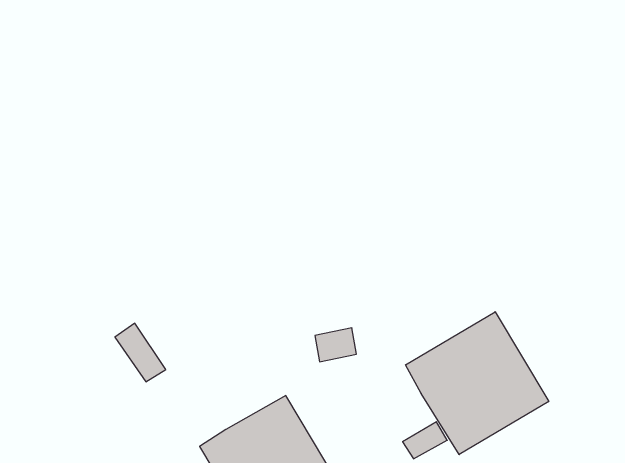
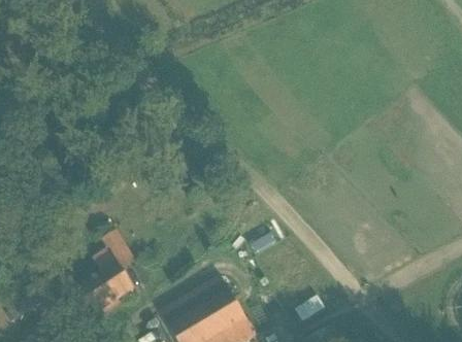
building: [406,312,549,455] -> none
building: none -> [76,248,136,315]

